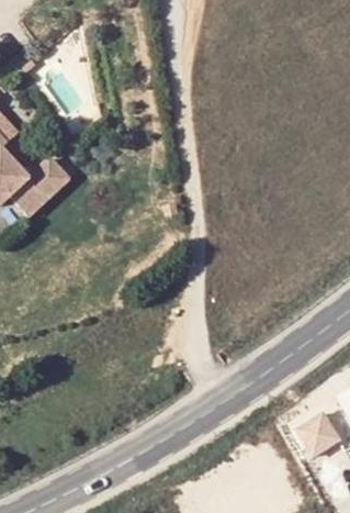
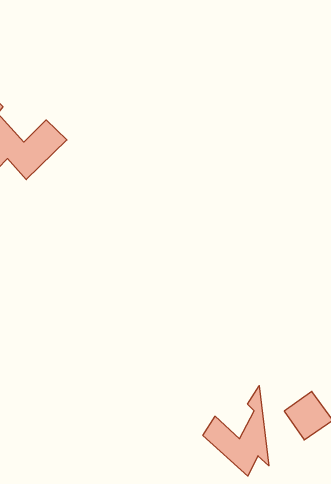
building: none -> [203,386,269,476]

